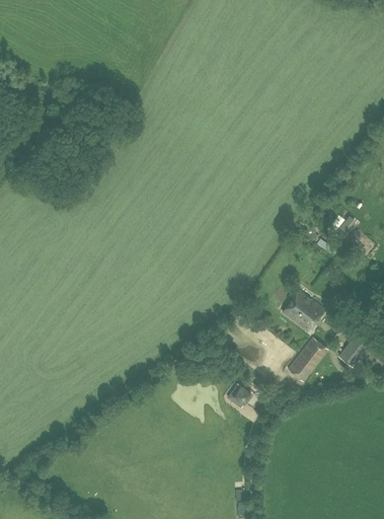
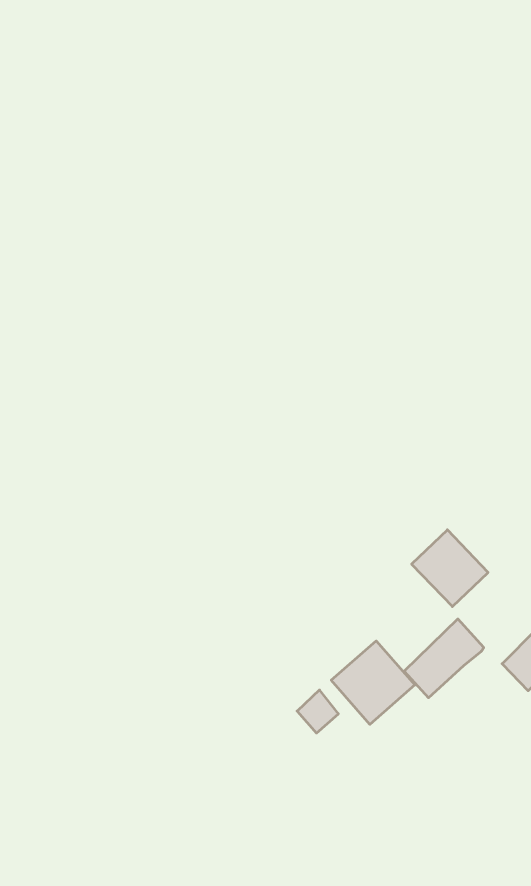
building: none -> [331,641,415,724]

